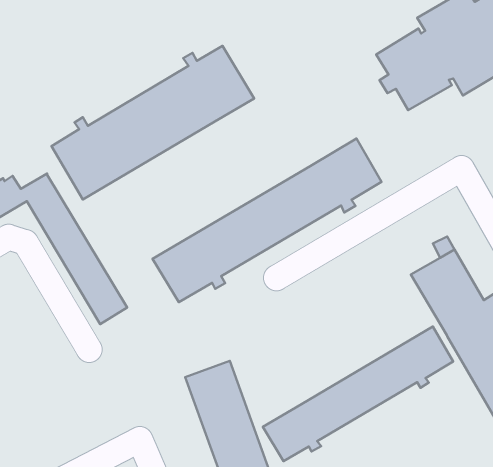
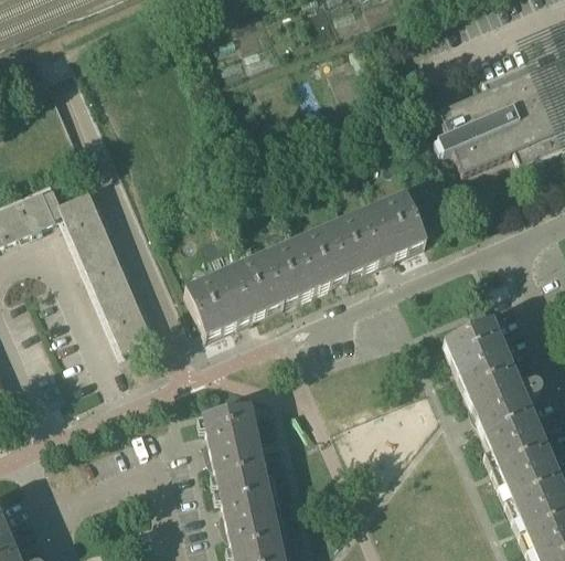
building: [52,46,254,200] -> none
building: [263,326,453,461] -> none

